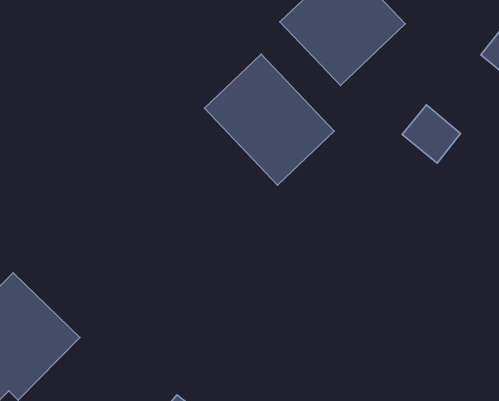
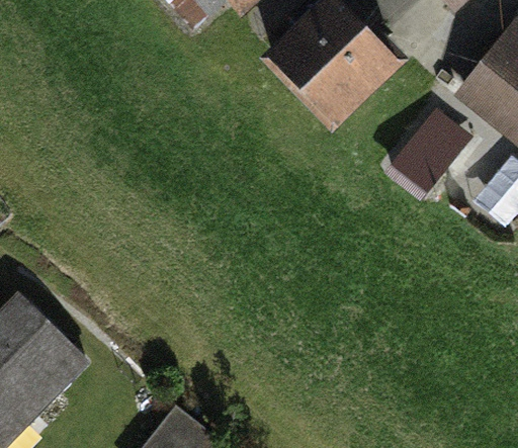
building: [204,54,334,185] -> none

